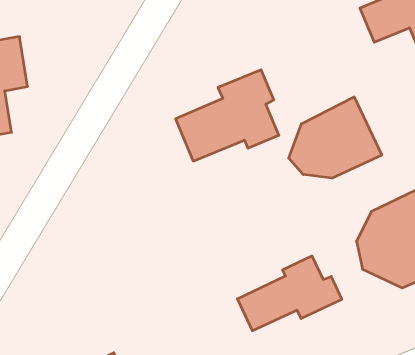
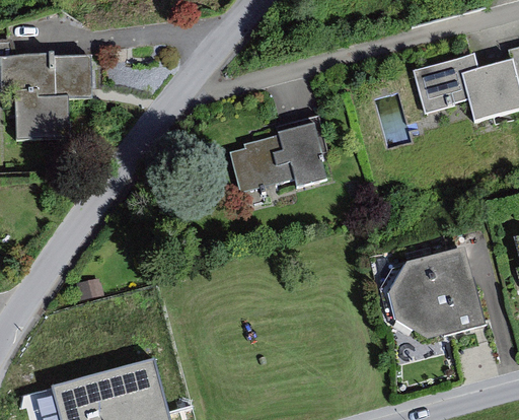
building: [289,97,382,178] -> none
building: [237,256,342,331] -> none

